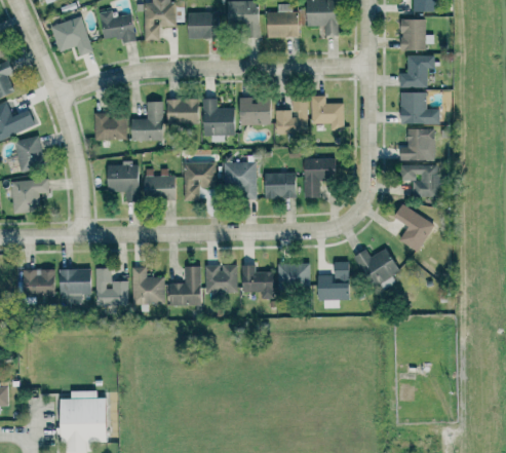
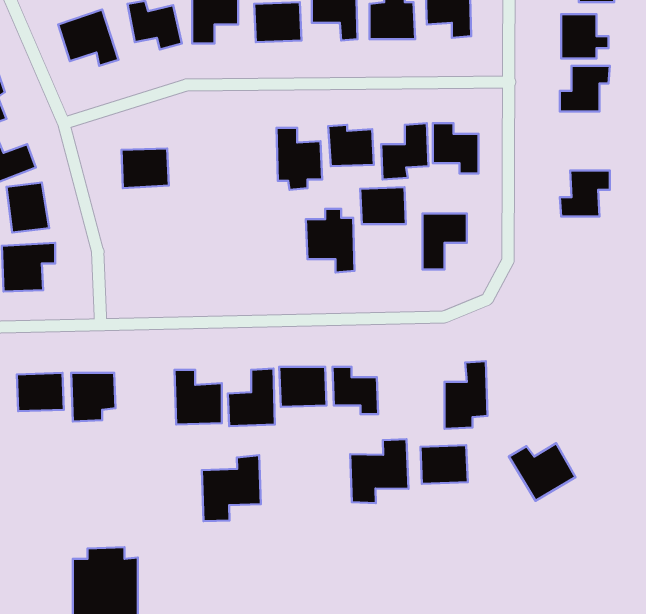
building: [399,91,439,124] -> none
building: [166,99,198,124] -> none
building: [131,101,163,141] -> none
building: [107,162,139,200] -> none
building: [183,162,216,201] -> none
building: [400,164,441,197] -> none
building: [264,173,296,198] -> [360,187,406,224]
building: [143,175,176,200] -> none
building: [393,204,434,252] -> none
building: [353,248,399,288] -> [509,443,575,501]
building: [277,263,310,290] -> [420,445,468,484]
building: [95,268,127,305] -> none
building: none -> [350,439,408,503]
building: none -> [202,455,261,521]

